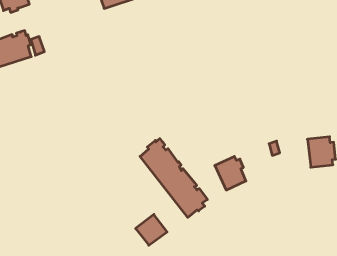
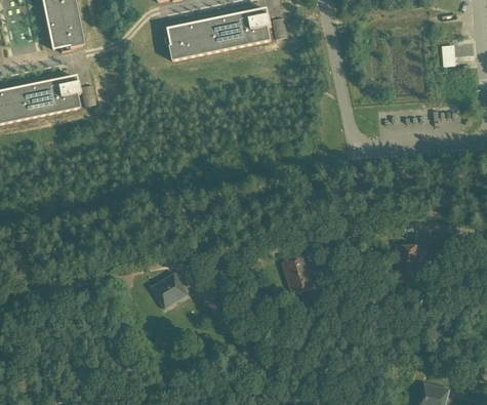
building: [140,139,207,217] -> none
building: [136,214,167,245] -> [151,272,188,308]

